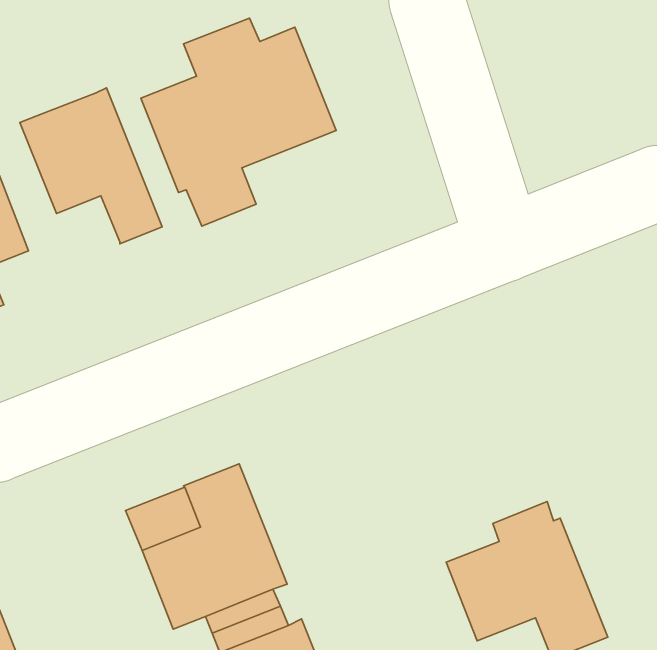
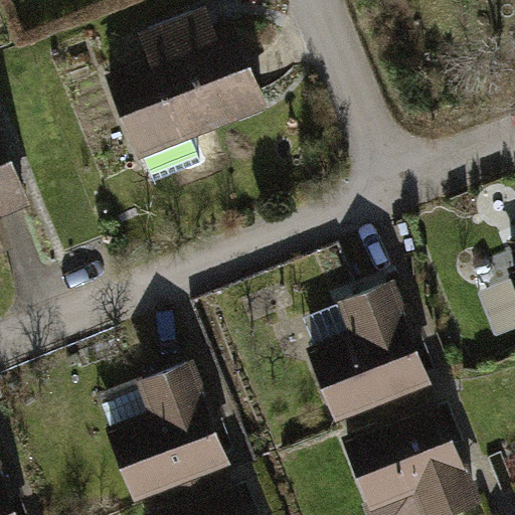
building: [20,88,162,244] -> none
building: none -> [312,290,425,417]

